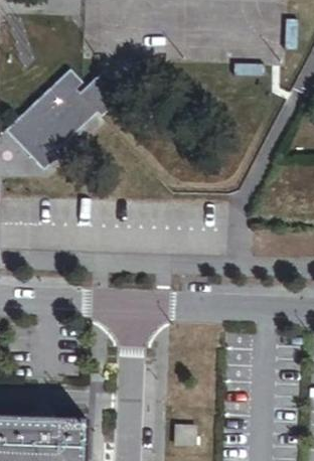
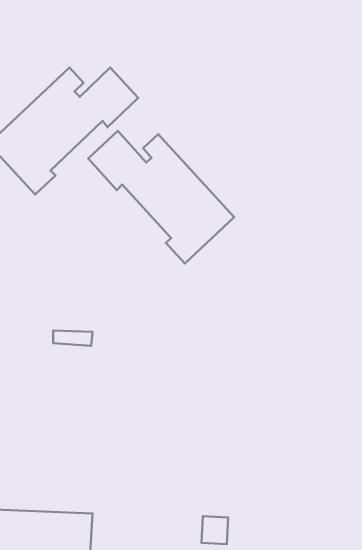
building: none -> [88,131,234,264]

